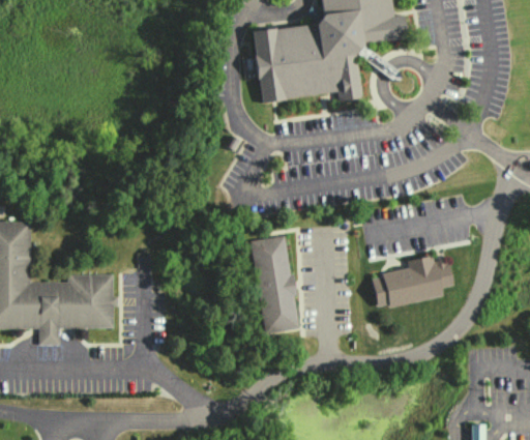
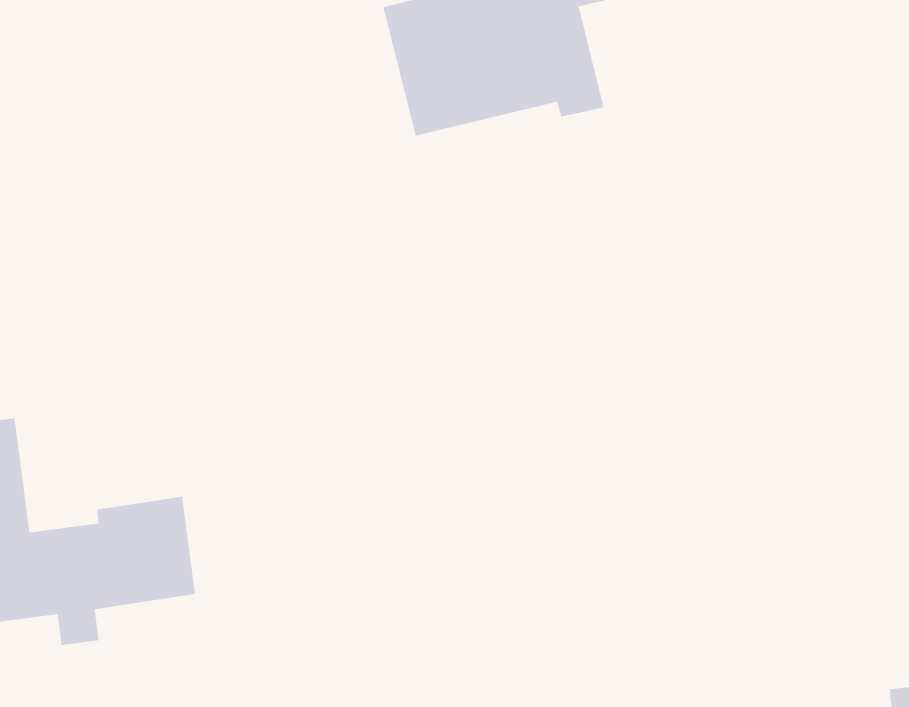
building: [249,236,299,333] -> none
building: [371,256,452,309] -> none

